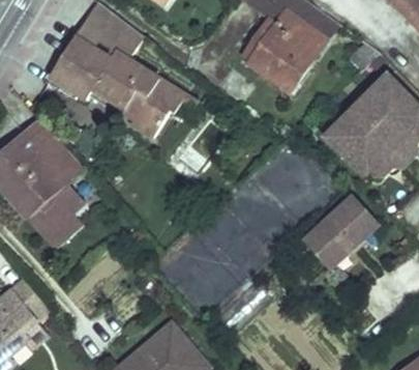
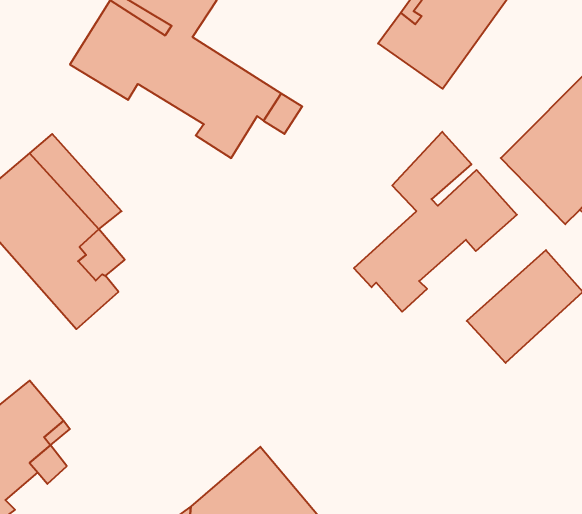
building: none -> [354,132,517,312]

